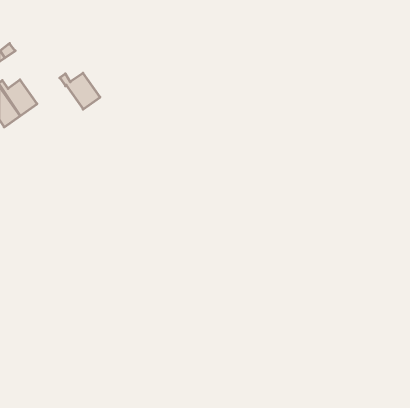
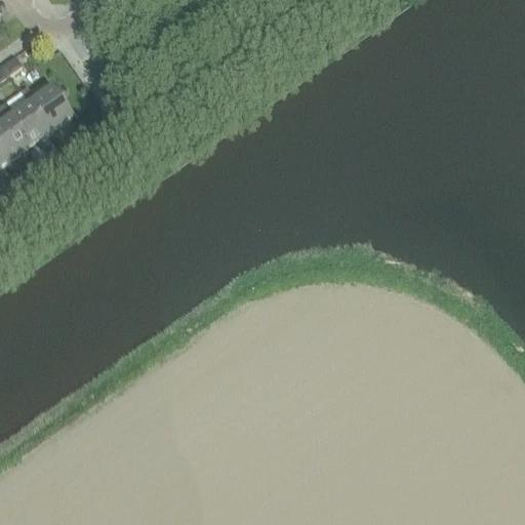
building: [60,73,100,109] -> [17,86,69,132]

